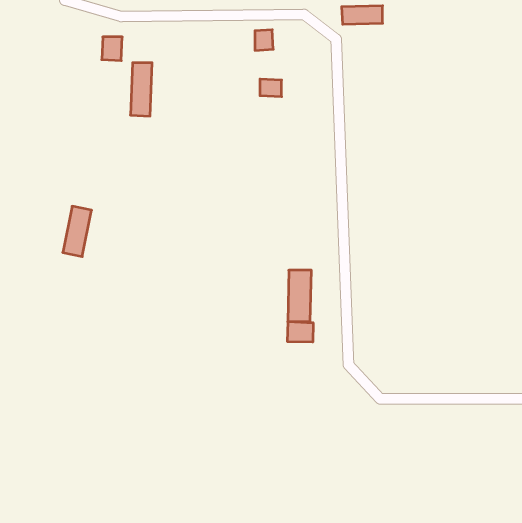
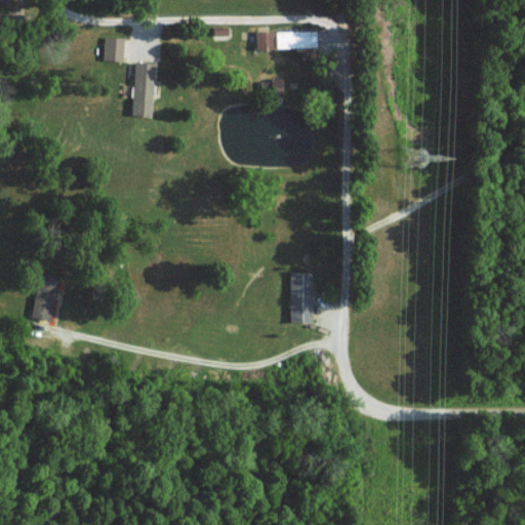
building: [342,6,383,24] -> [276,32,317,50]
building: [63,206,92,257] -> [32,272,60,322]
building: [288,322,313,342] -> none

